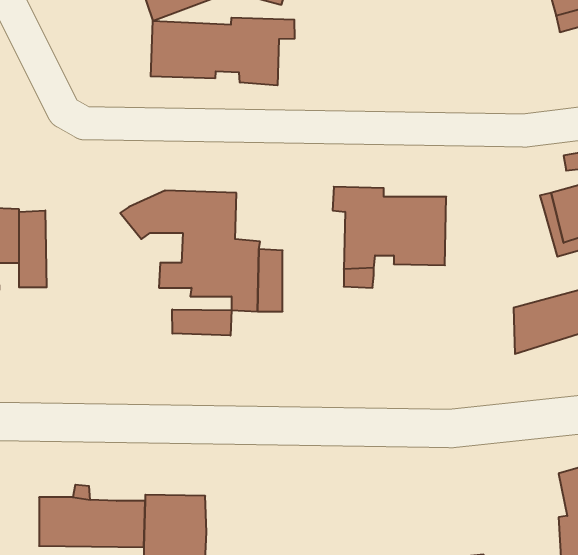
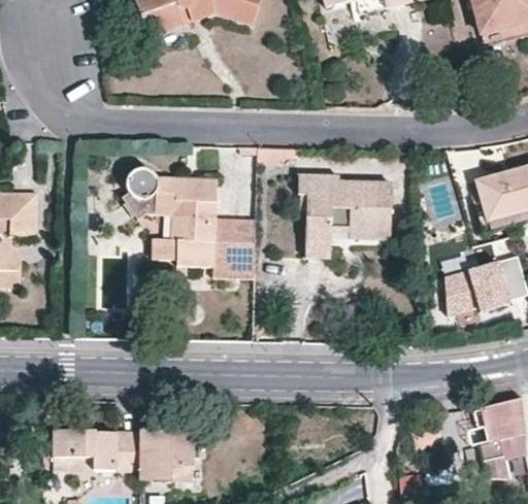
building: [151,18,295,85] -> none
building: [19,210,47,287] -> none
building: [172,309,231,336] -> none

